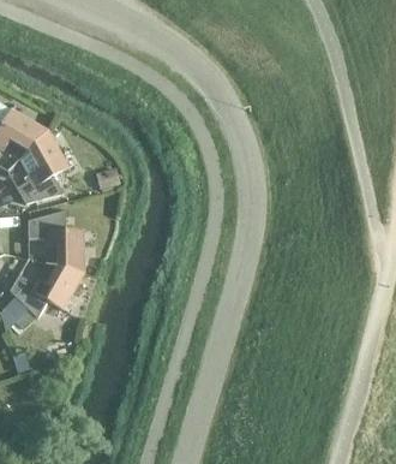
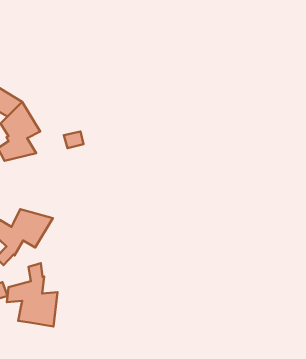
building: [26,210,83,273] -> none
building: none -> [7,263,57,326]

